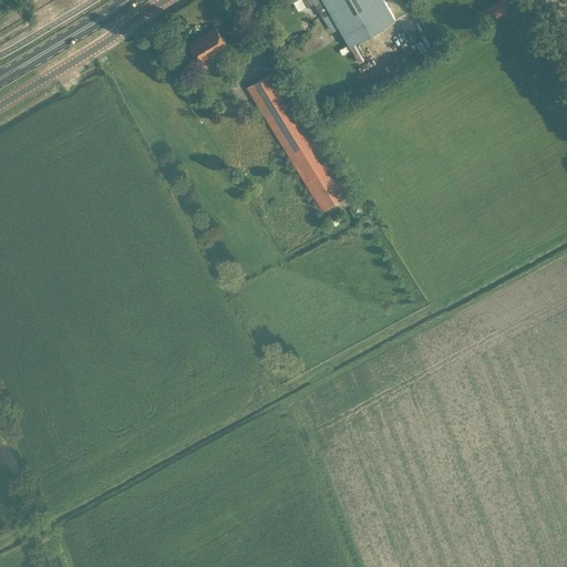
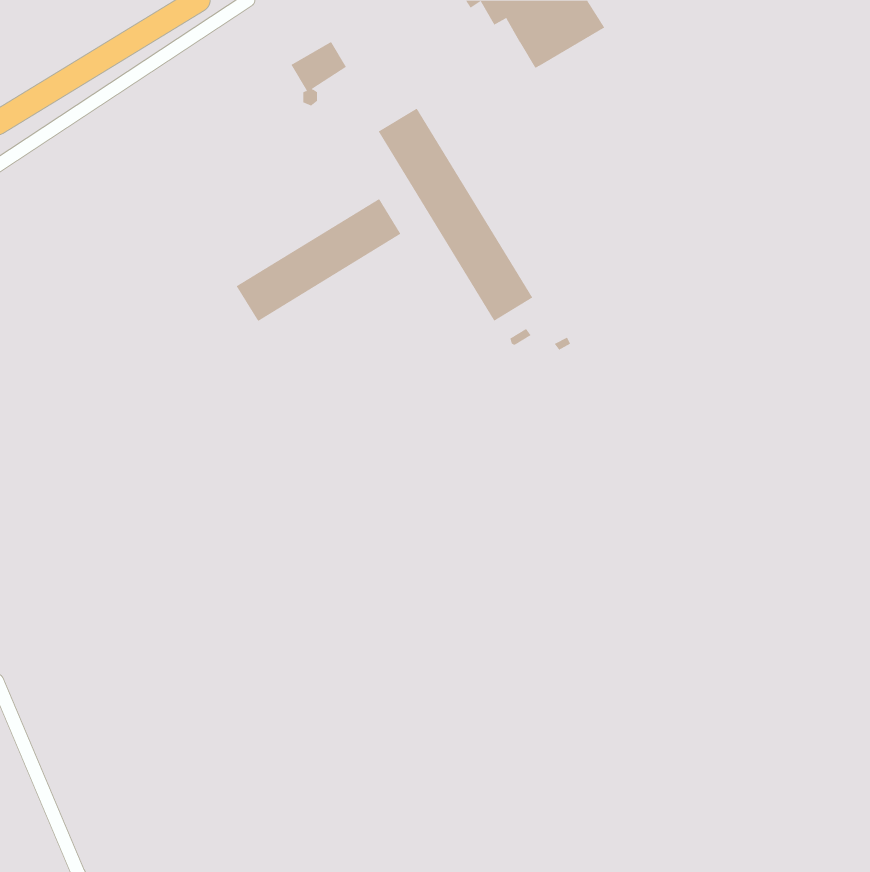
building: none -> [236,198,401,322]

